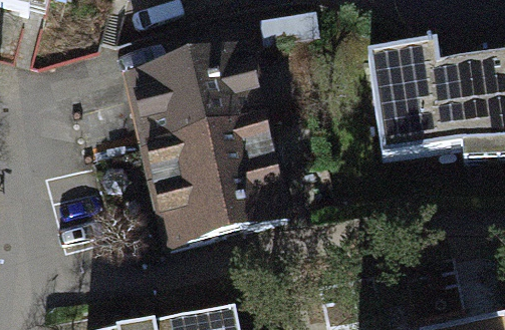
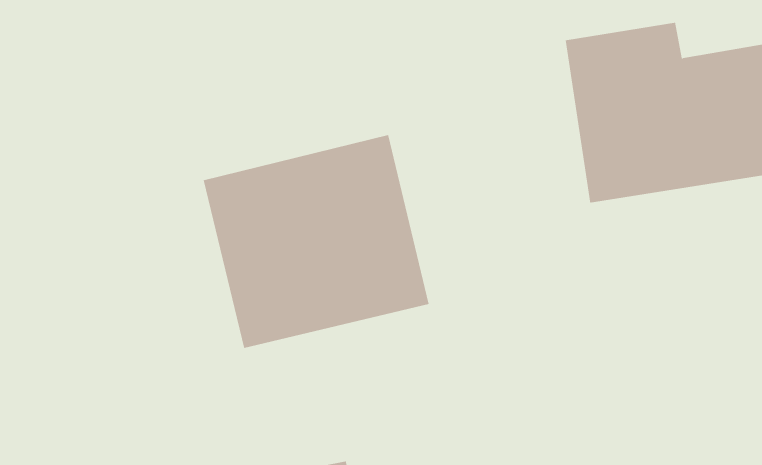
building: [129,41,260,137] -> none

